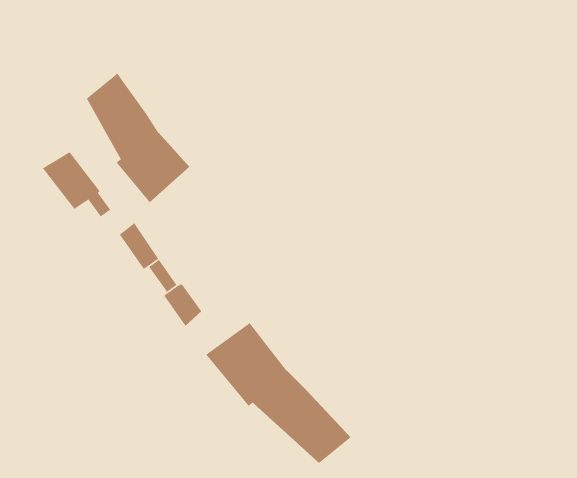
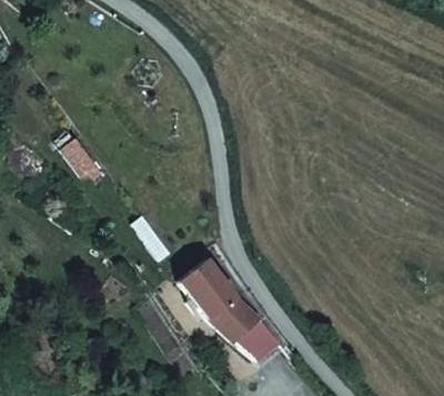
building: [86,72,190,203] -> none

